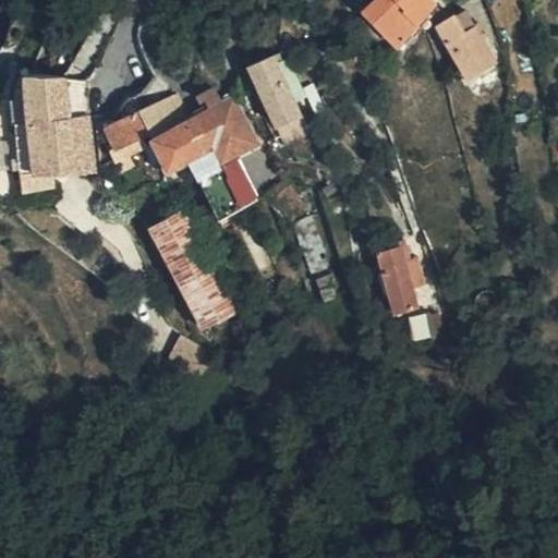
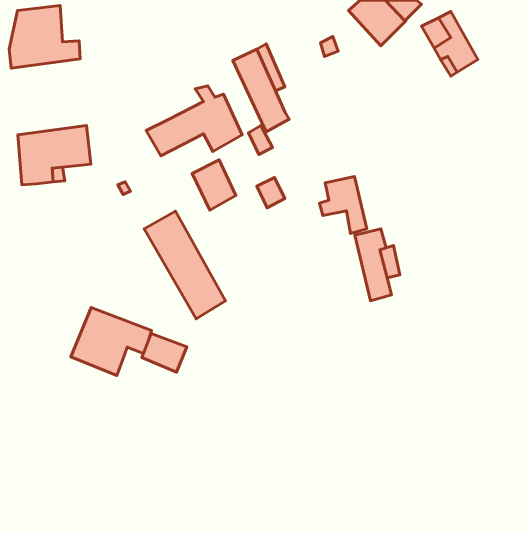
building: [16,75,90,141] -> [9,5,80,68]
building: [110,97,177,143] -> none
building: none -> [320,177,367,233]
building: none -> [71,308,151,375]

